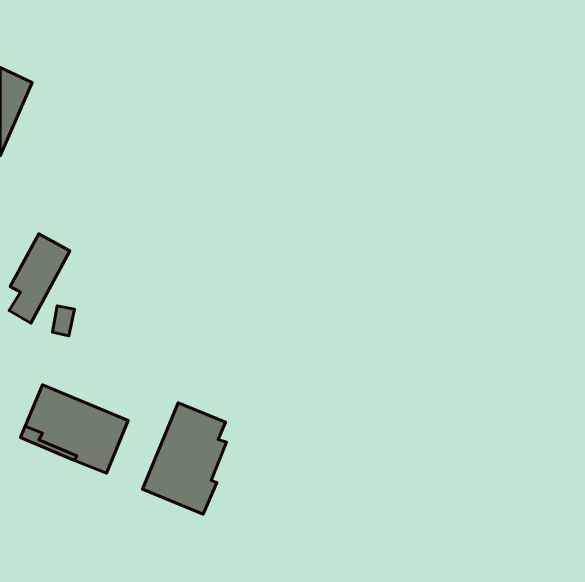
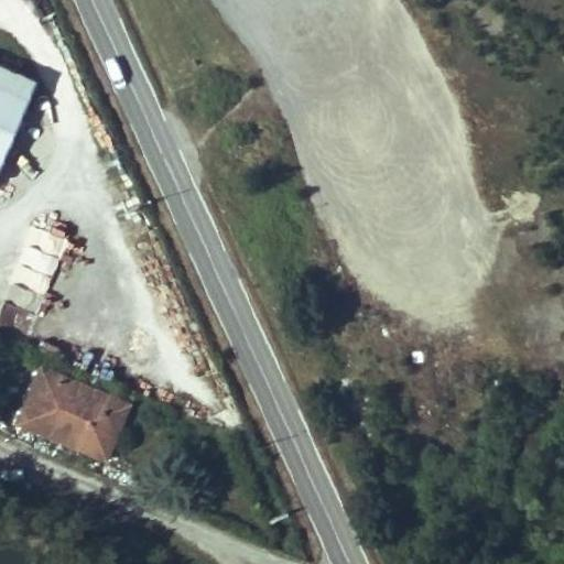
building: [143,403,227,514] -> none

